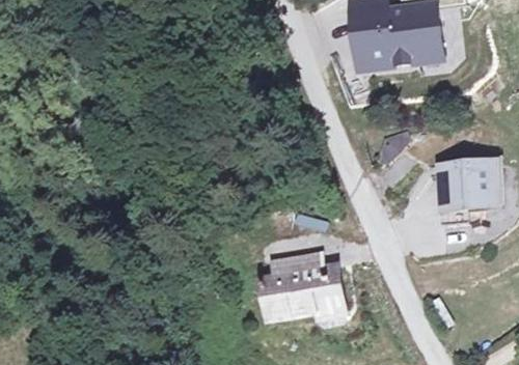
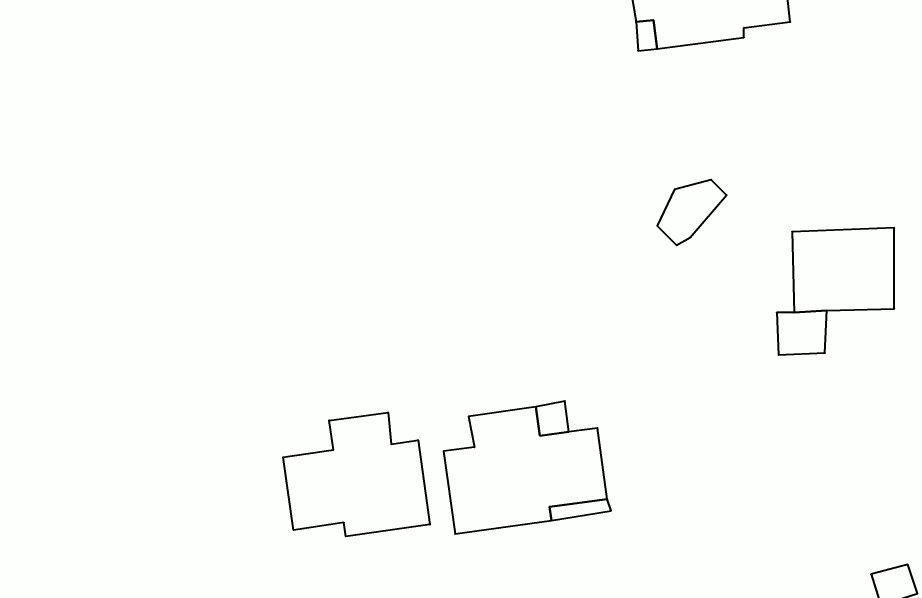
building: none -> [283,412,430,536]

